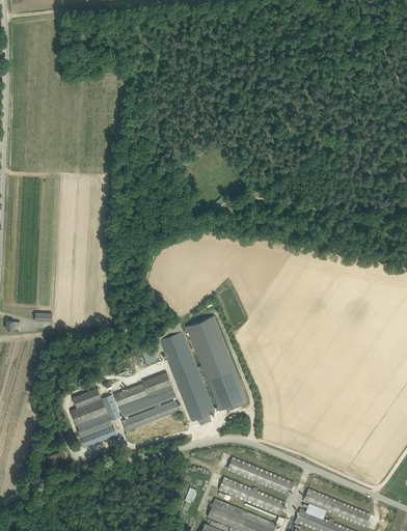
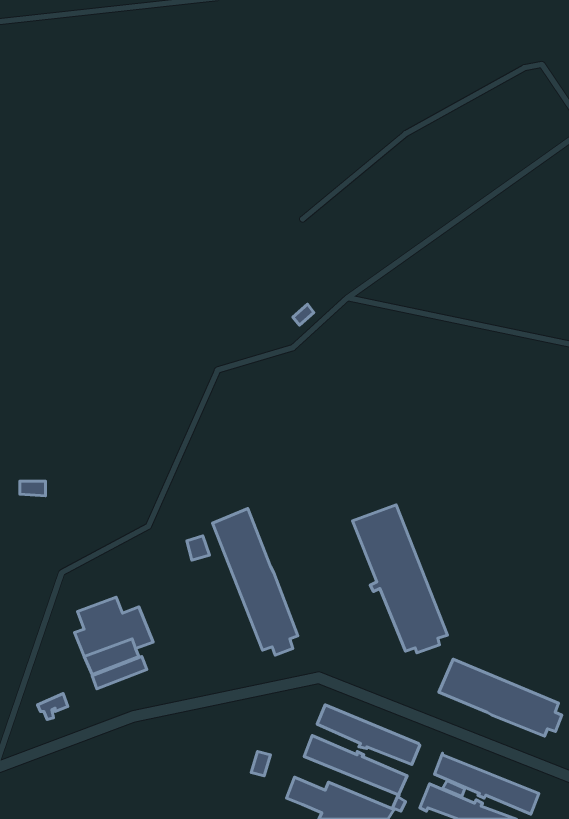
building: [185,315,246,411] -> [353,505,447,653]
building: [113,371,180,430] -> none
building: none -> [439,659,562,736]

